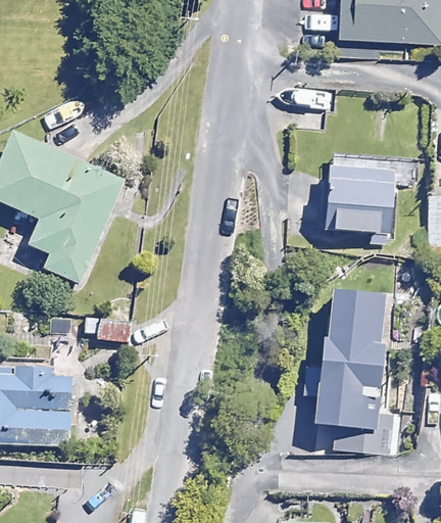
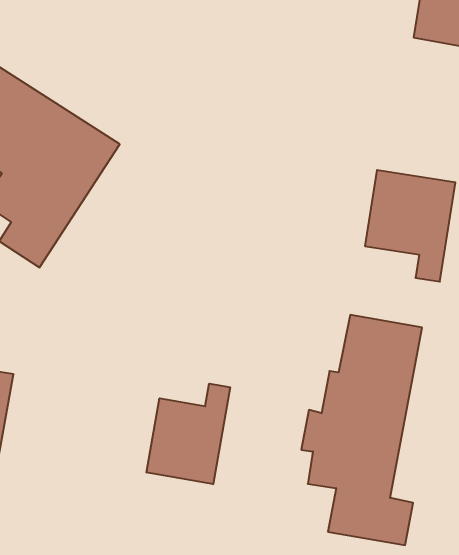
building: none -> [147,384,230,484]

